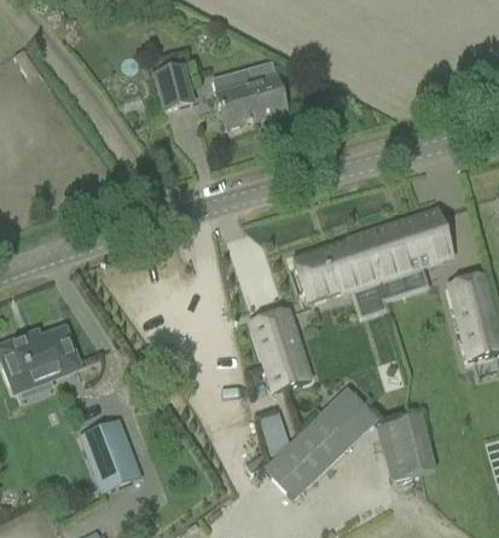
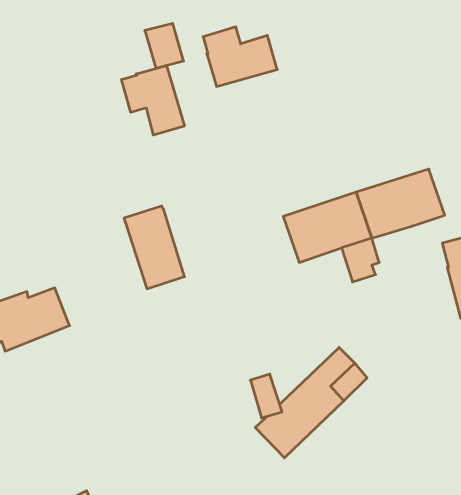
building: none -> [122,65,184,135]
building: [381,265,428,301] -> none
building: [250,307,311,389] -> [124,206,185,289]
building: [378,413,436,478] -> none
building: [80,417,141,490] -> none

